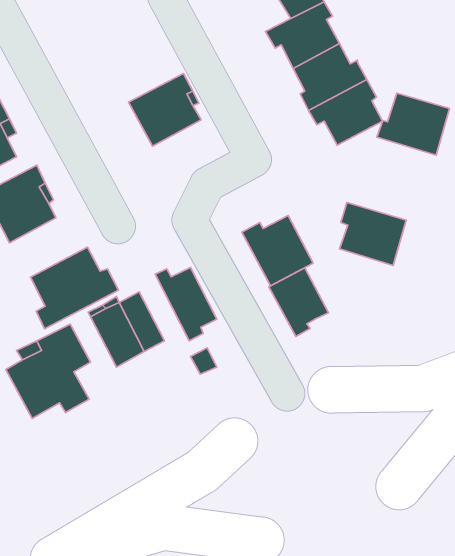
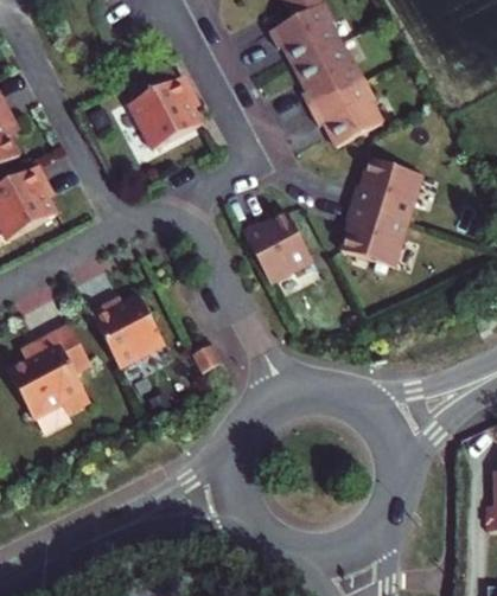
building: [377,93,449,155] -> [348,158,420,219]
building: [31,247,119,329] -> none
building: [155,268,217,341] -> none
building: [269,268,328,336] -> none

